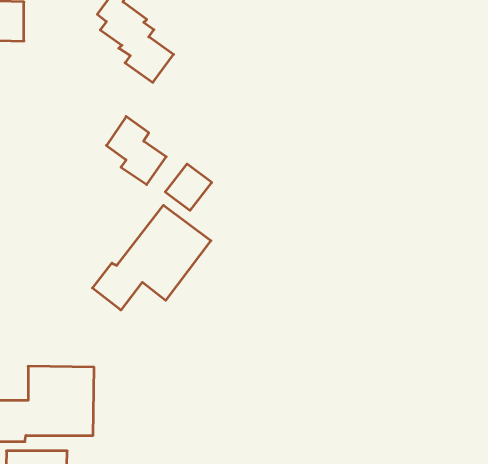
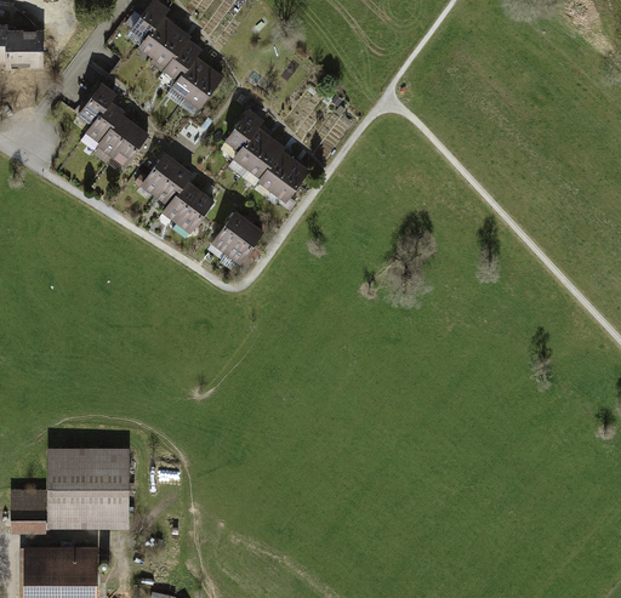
building: none -> [78,87,150,172]
building: none -> [227,113,312,205]
building: [92,205,211,310] -> none

